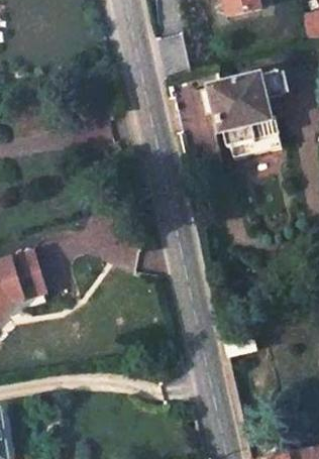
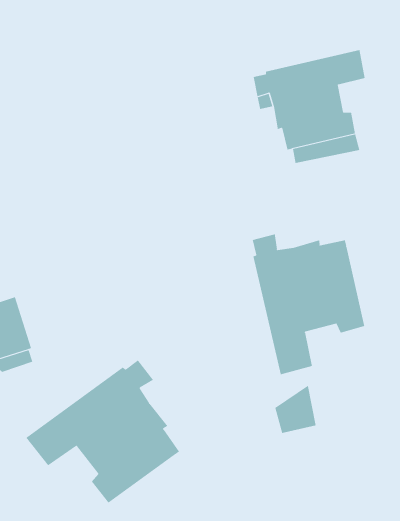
building: none -> [252,234,365,375]
building: none -> [26,360,180,503]

